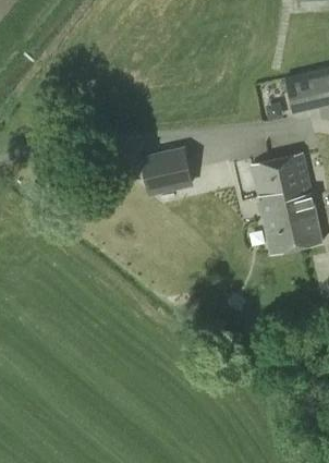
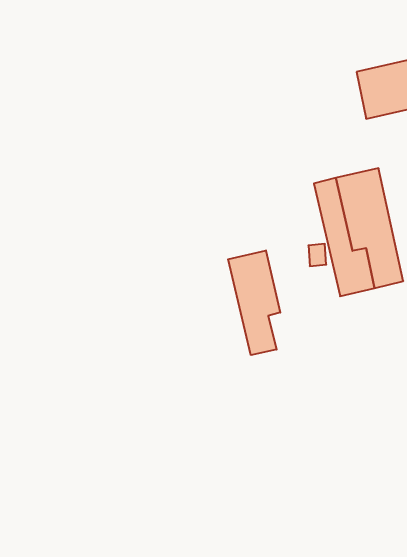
building: [139,146,193,196] -> none
building: none -> [228,250,280,355]

